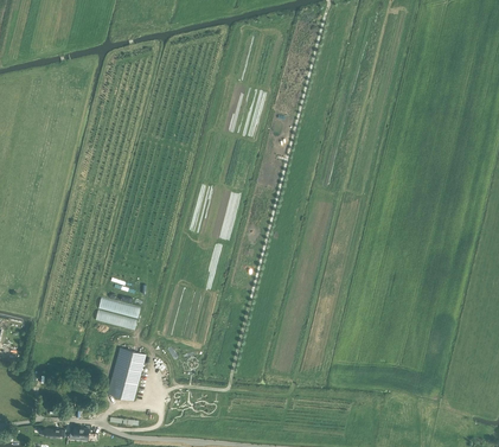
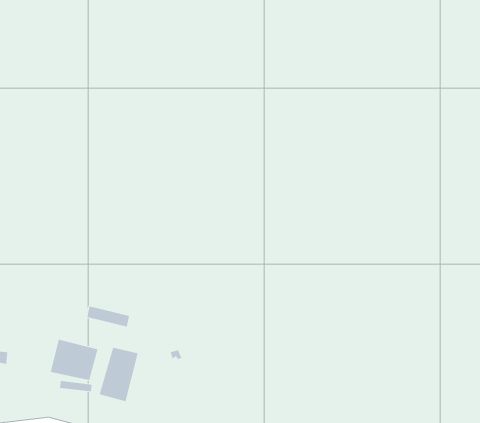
building: none -> [50,339,98,381]

